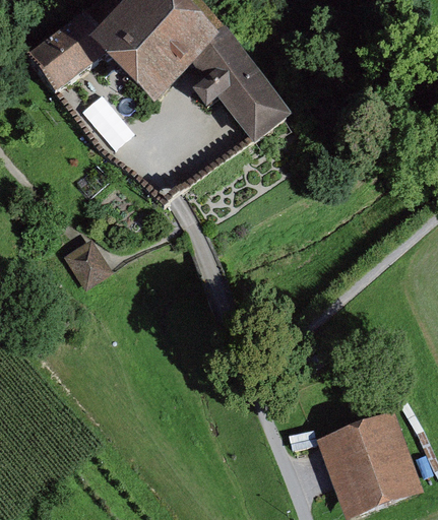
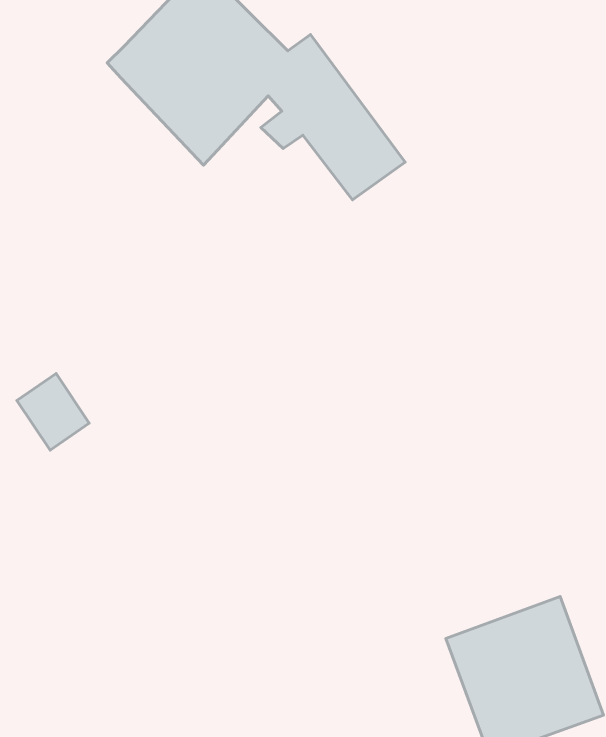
building: [27,12,99,88] -> none
building: [63,233,112,284] -> [17,374,89,450]

